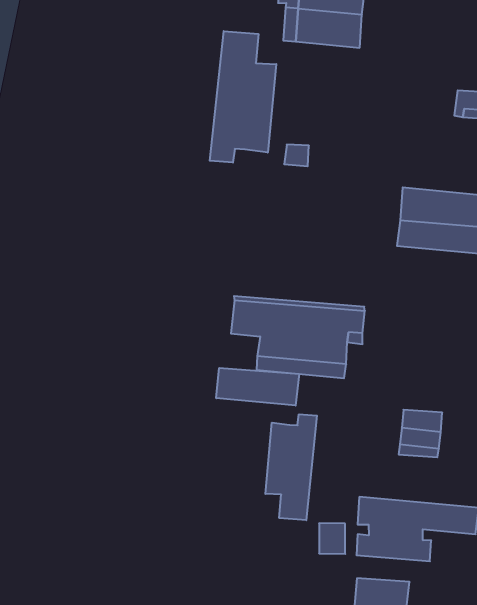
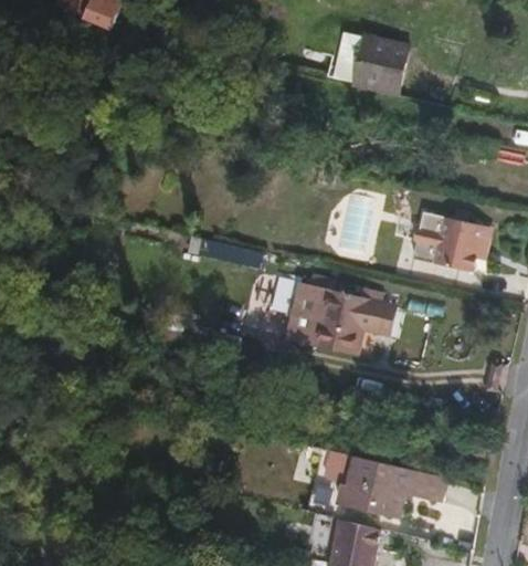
building: [210,31,276,163] -> none
building: [216,368,299,406] -> none
building: [265,414,317,520] -> none

